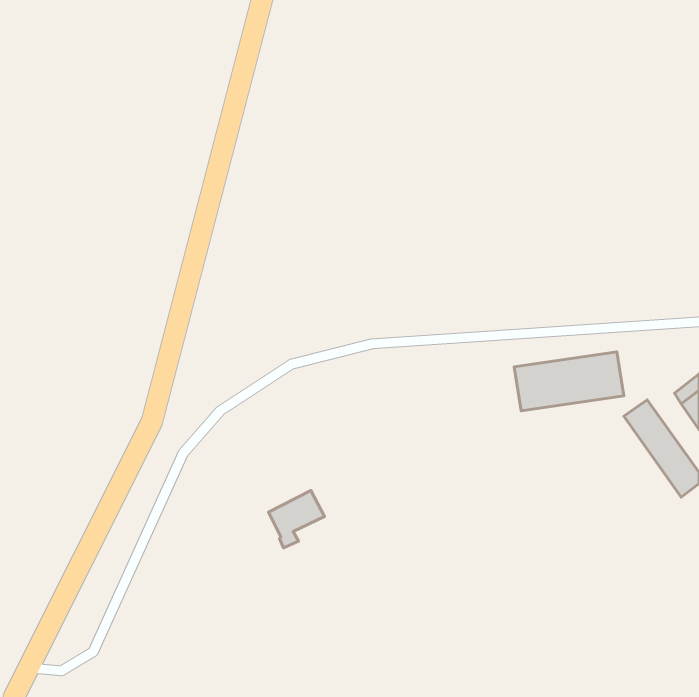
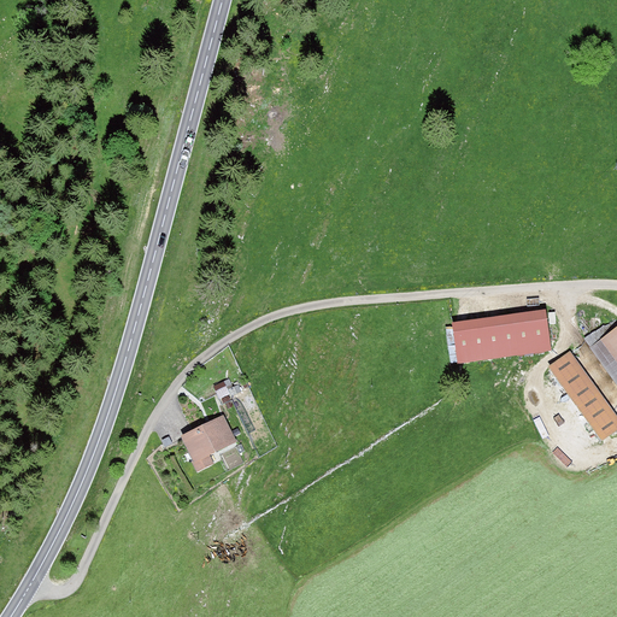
building: [268,490,325,548] -> [184,417,234,468]

